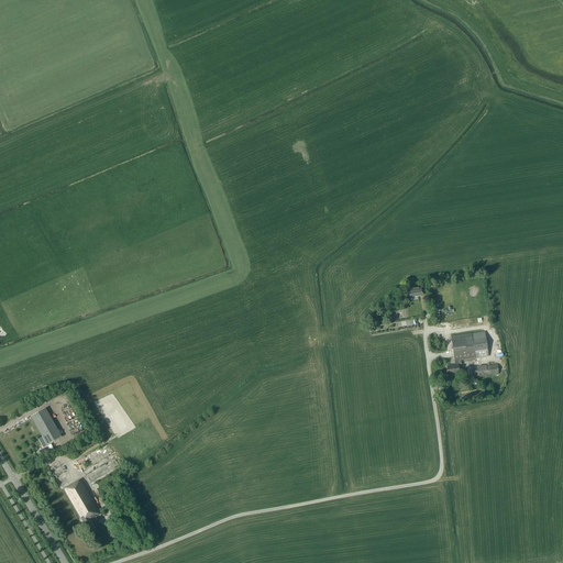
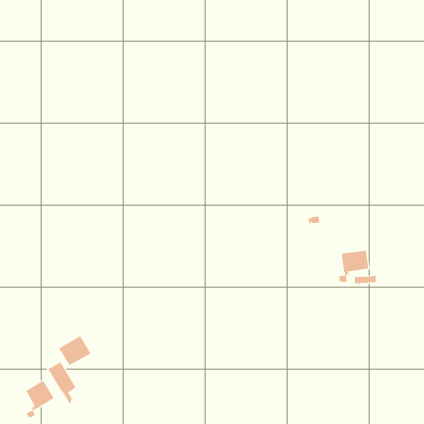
building: [32,407,63,444] -> none
building: none -> [25,380,55,419]

